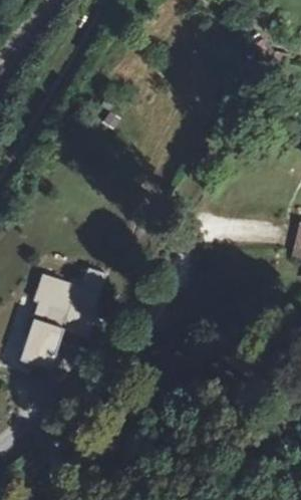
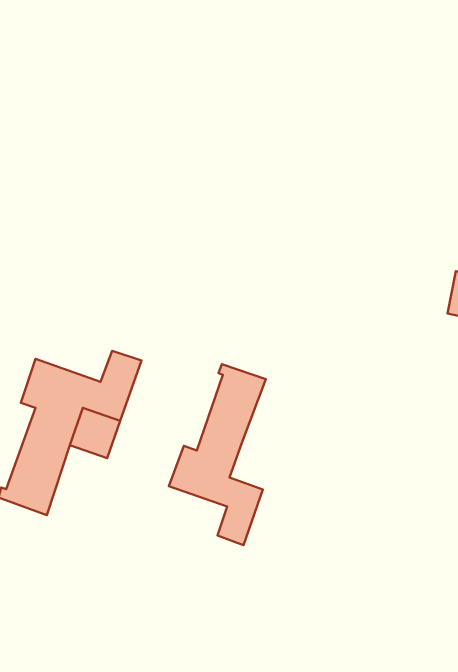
building: none -> [169,364,266,545]

